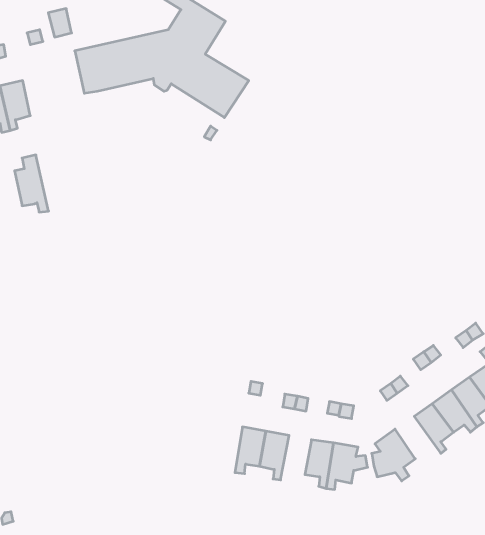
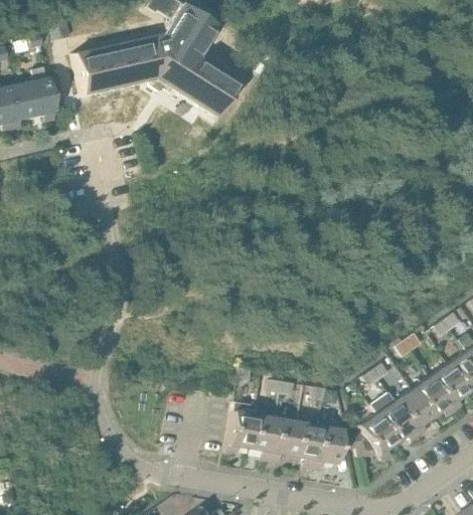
building: [15,155,49,212] -> [27,65,59,120]
building: none -> [380,399,424,440]
building: none -> [272,417,301,462]

